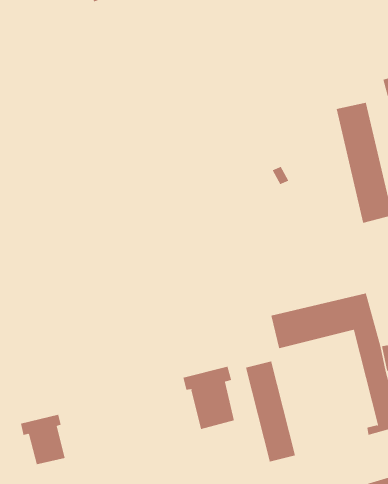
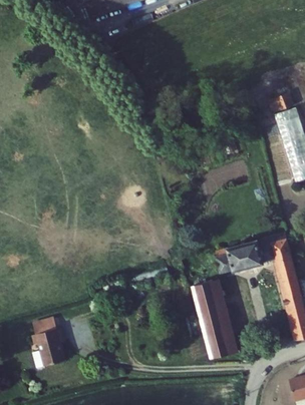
building: [183,366,235,430] -> none

